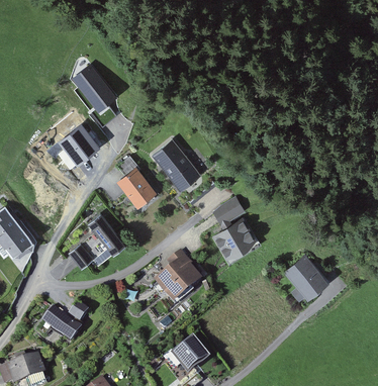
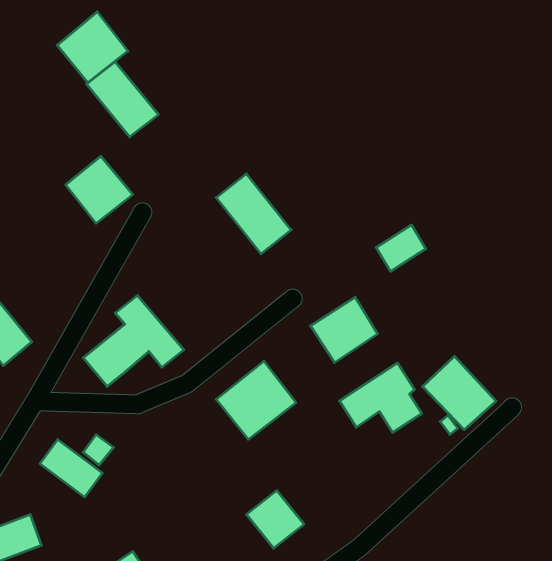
building: none -> [57,12,128,83]
building: [115,164,157,206] -> none
building: [213,196,245,225] -> [376,225,426,271]
building: none -> [339,363,422,433]

